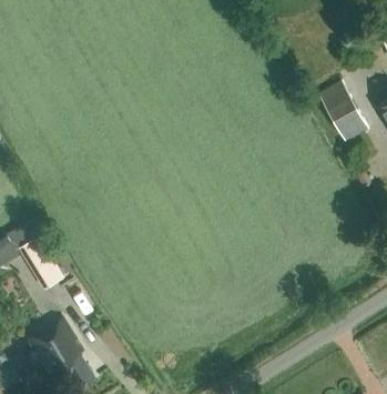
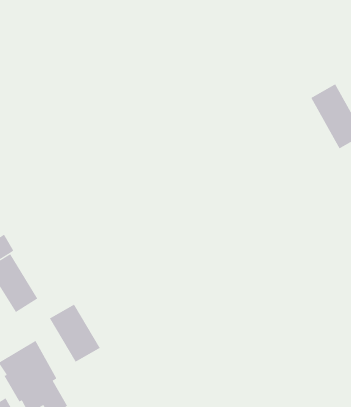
building: none -> [49,304,100,363]

